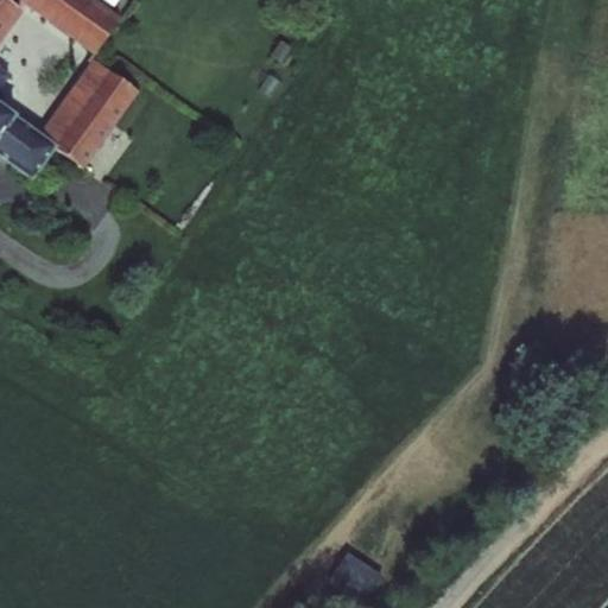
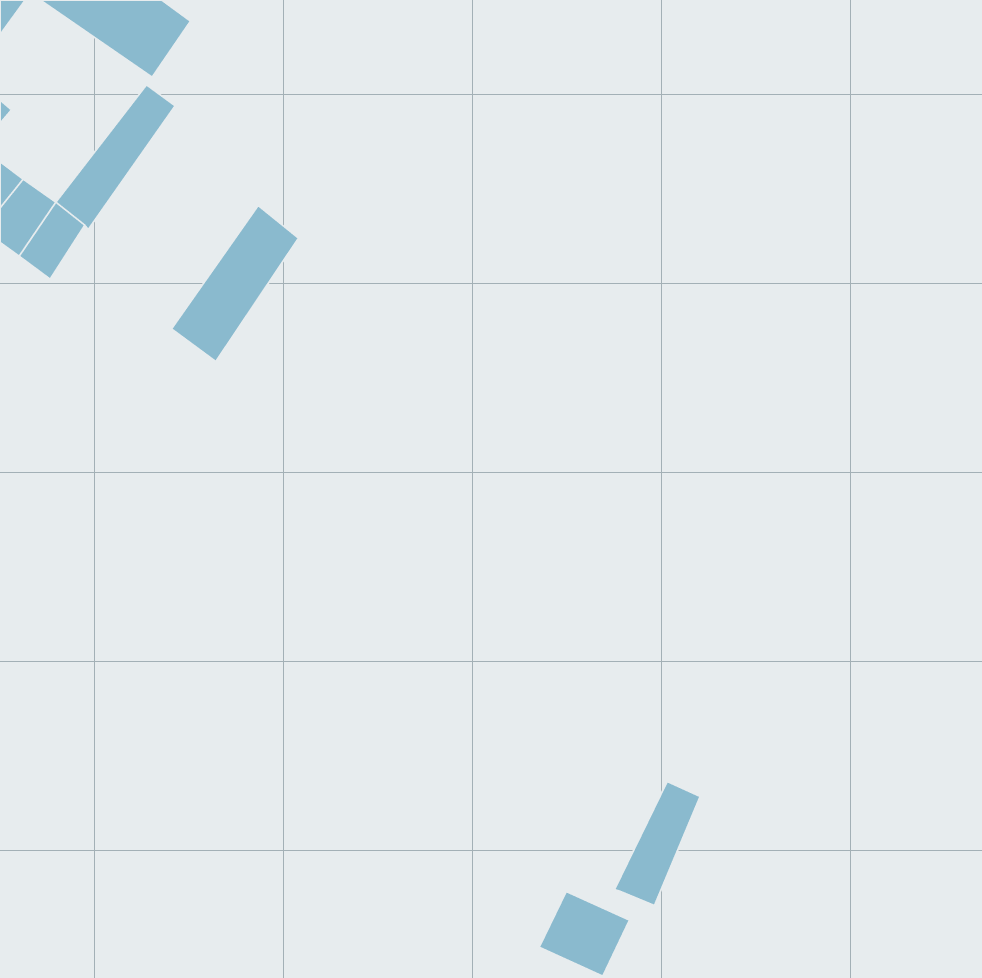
building: [56,69,134,165] -> [172,206,299,362]
building: none -> [615,781,700,905]

